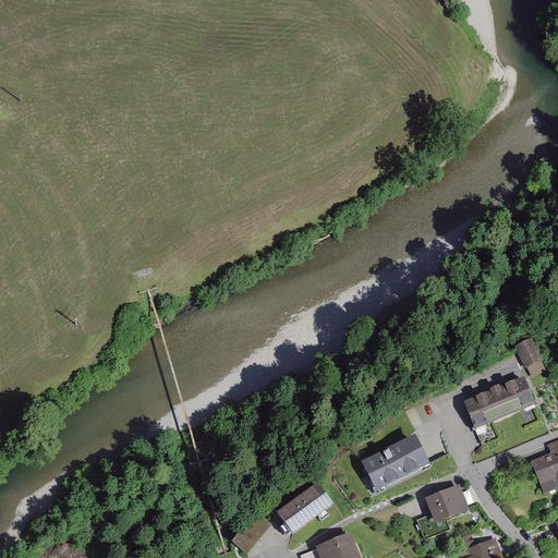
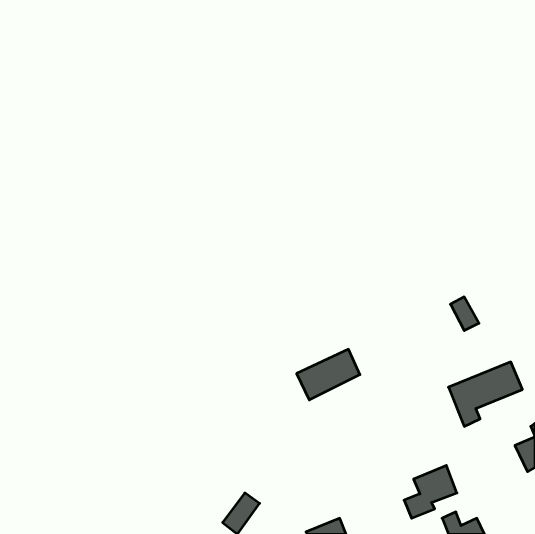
building: [512,337,542,372] -> [450,297,479,331]
building: [357,439,423,492] -> [297,349,360,400]
building: [271,483,332,537] -> none

